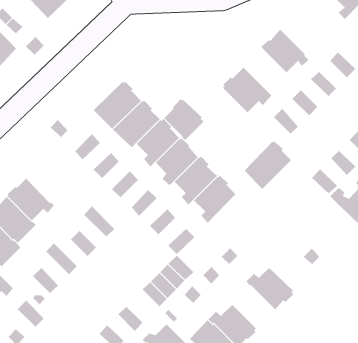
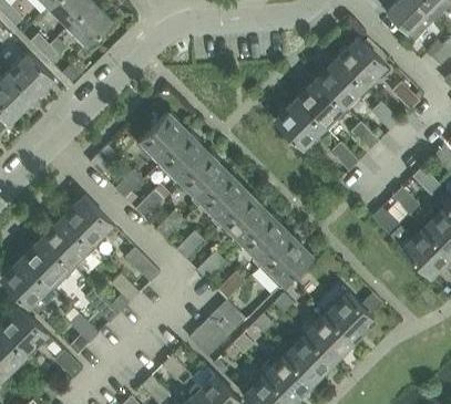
building: none -> [337,38,389,84]
building: none -> [296,77,349,128]
building: [163,98,204,141] -> none
building: [244,141,292,190] -> [259,235,311,288]
building: none -> [63,196,115,244]
building: none -> [320,292,373,339]
building: none -> [280,333,332,380]

